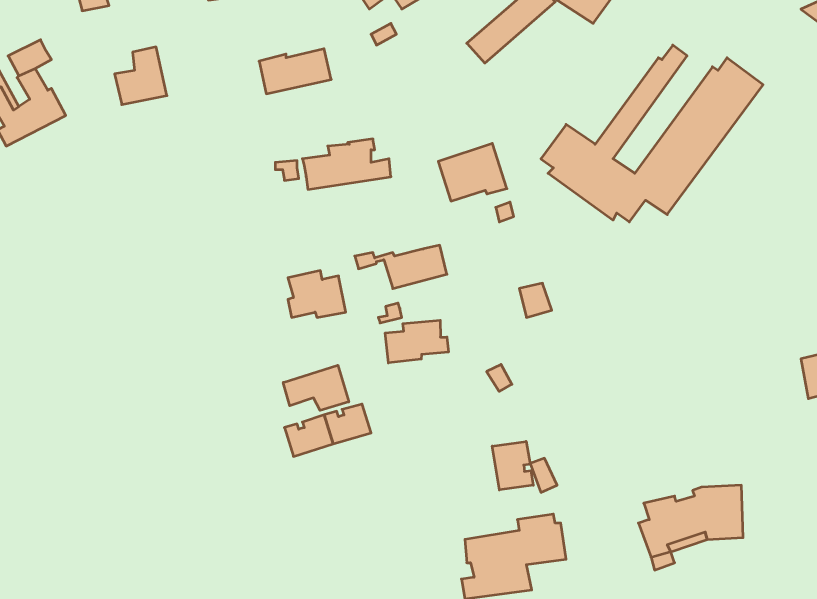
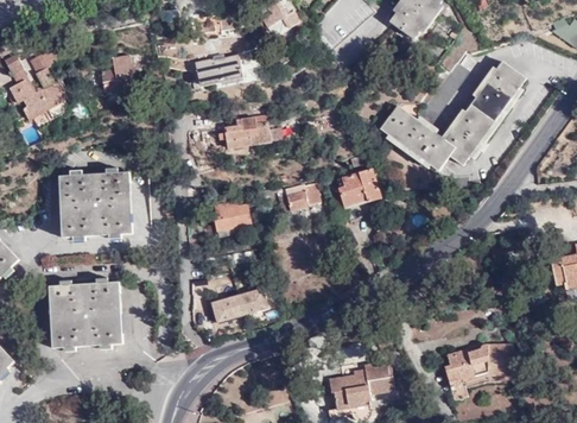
building: [438,143,507,201] -> [336,168,381,206]
building: none -> [61,172,135,241]
building: [385,320,448,363] -> none
building: [283,365,349,410] -> none
building: none -> [49,286,122,354]
building: [492,441,533,490] -> none

